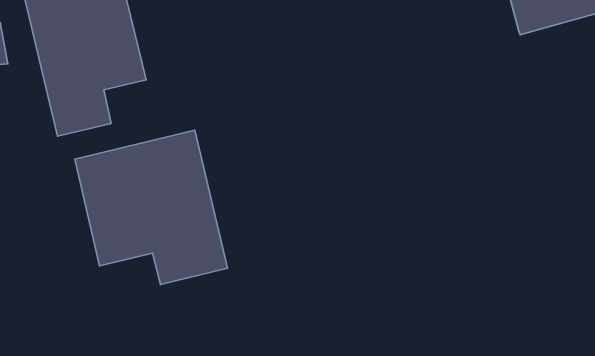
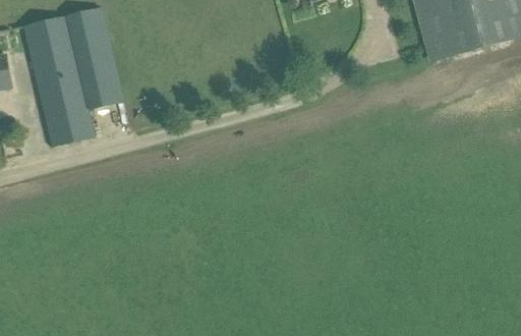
building: [75,130,228,284] -> none

